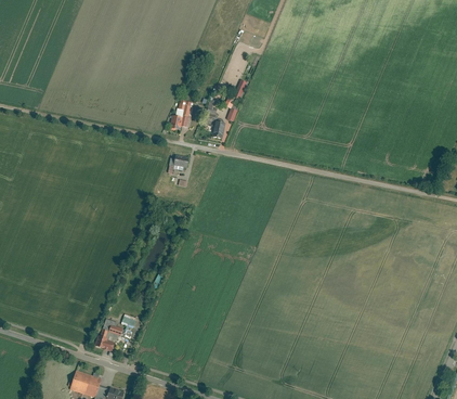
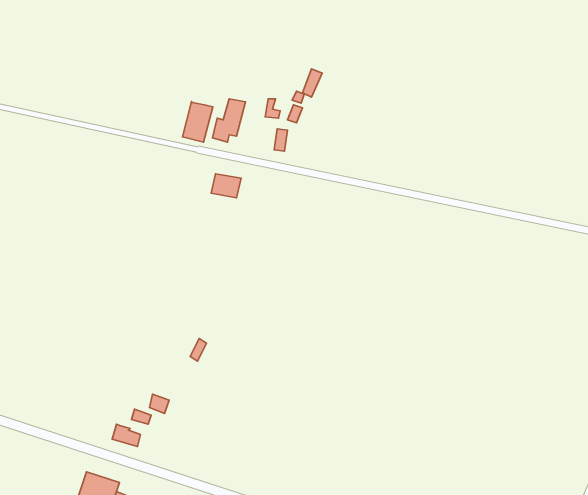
building: none -> [182,102,213,142]

